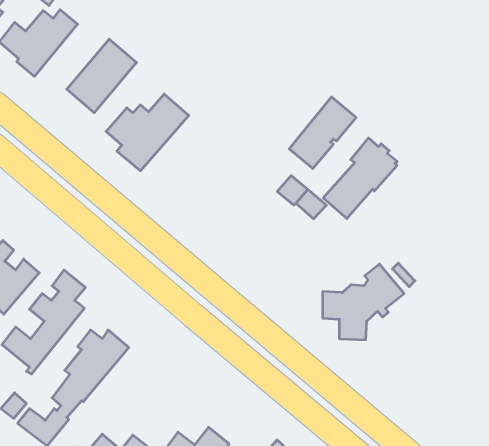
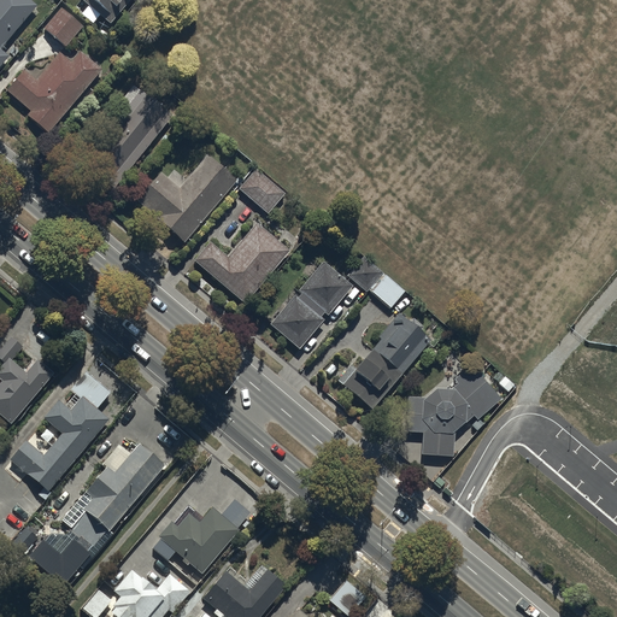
building: [289,97,356,169] -> [271,260,353,348]
building: none -> [239,166,284,212]
building: [323,138,397,219] -> [342,310,433,409]
building: none -> [193,222,290,304]
building: none -> [151,496,251,572]

